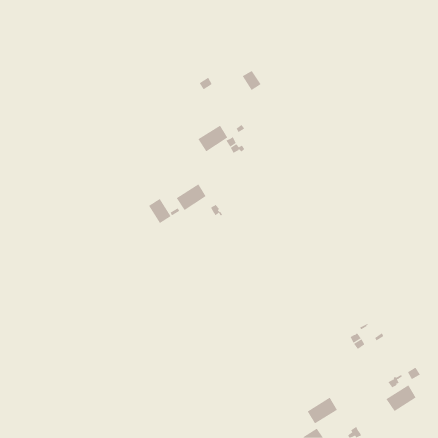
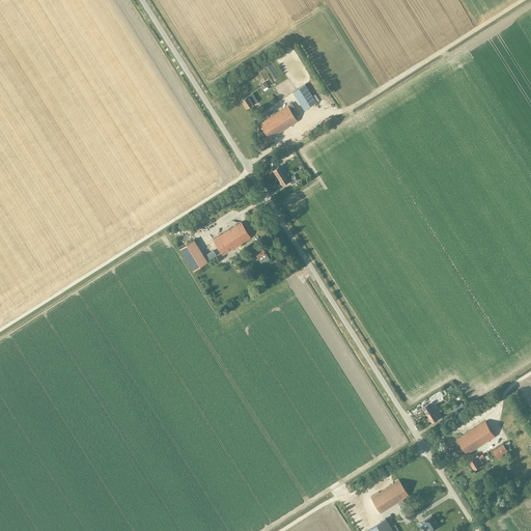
building: [197,125,228,152] -> [259,106,297,139]
building: [386,385,416,412] -> [457,421,495,454]

